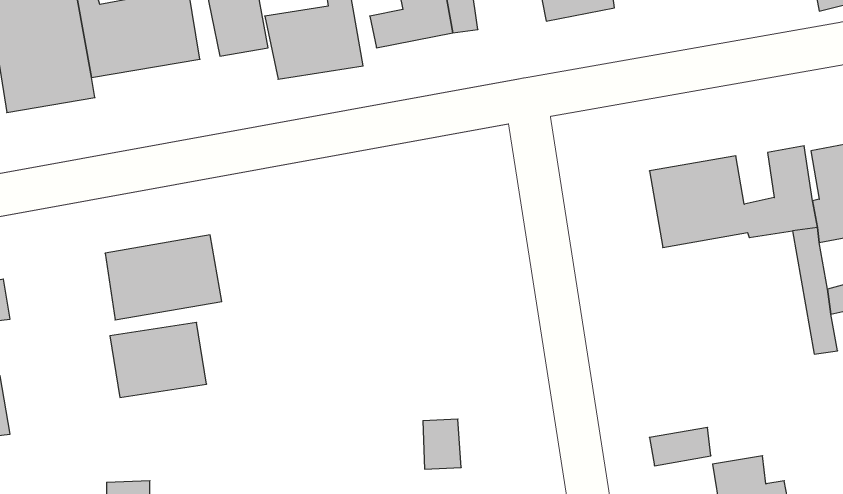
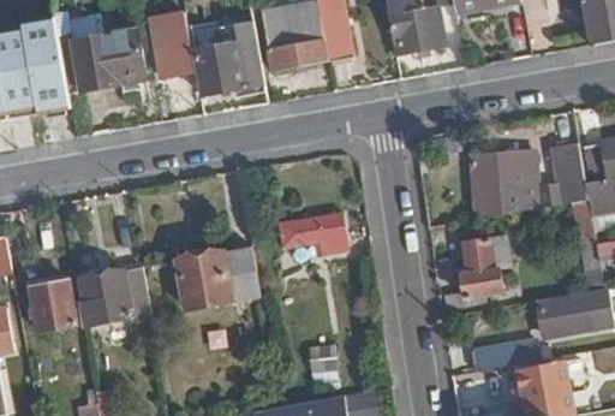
building: [105,235,222,320] -> [175,249,259,310]
building: none -> [275,213,346,256]
building: none -> [461,237,503,298]
building: none -> [26,280,74,332]
building: none -> [538,292,592,335]

